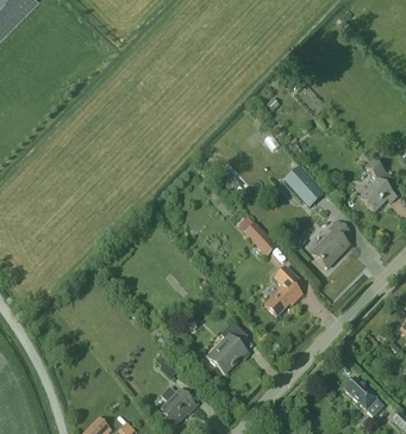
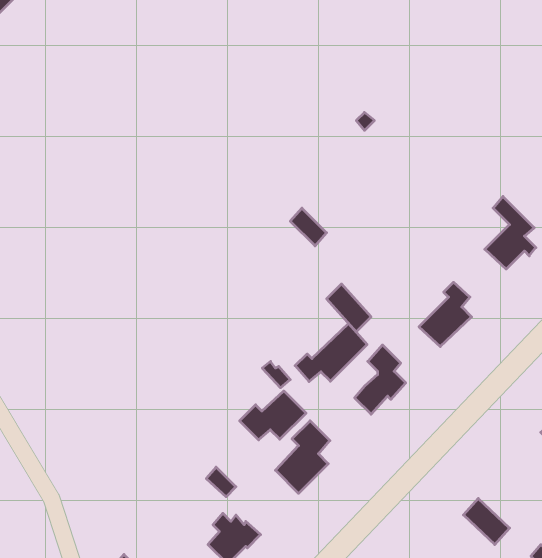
building: [283,167,321,206] -> none
building: none -> [295,324,367,382]
building: none -> [240,391,306,440]

